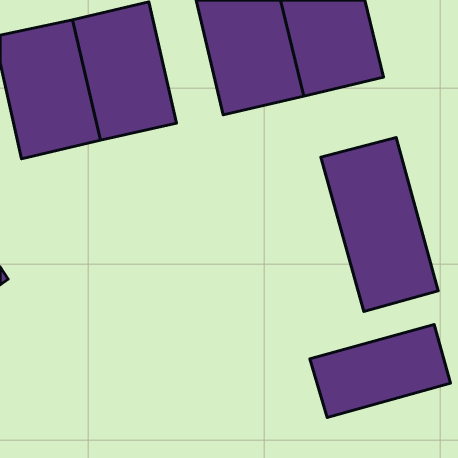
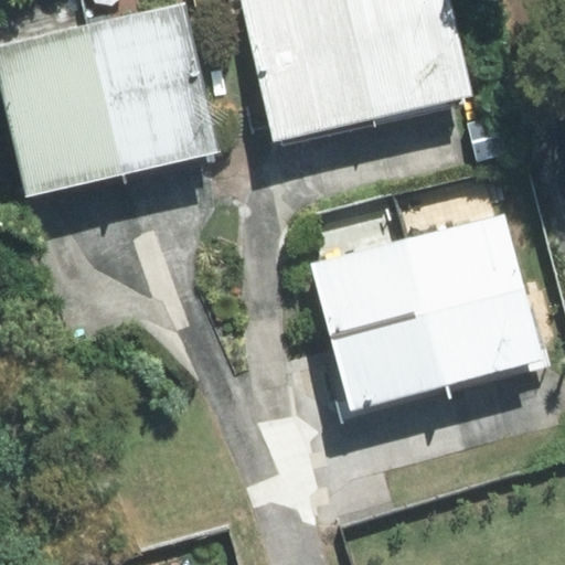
building: none -> [311,194,448,411]
building: [310,325,450,418] -> none

